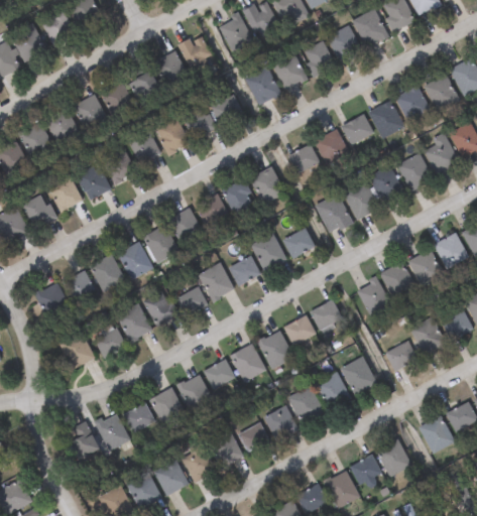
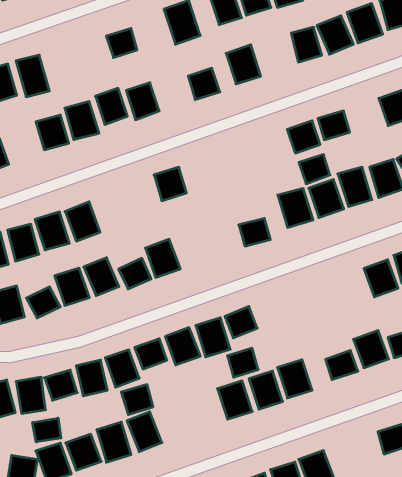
building: [155,50,186,85] -> none
building: [271,50,308,90] -> none
building: [101,80,135,118] -> none
building: [73,93,108,131] -> none
building: [368,100,404,137] -> none
building: [182,103,216,139] -> none
building: [287,143,319,173] -> [299,155,330,184]
building: [249,165,284,204] -> none
building: [46,173,83,212] -> none
building: [222,178,256,215] -> none
building: [167,207,204,247] -> none
building: [142,224,180,262] -> none
building: [251,233,286,271] -> none
building: [229,255,260,284] -> none
building: [380,261,415,299] -> none
building: [356,277,390,315] -> none
building: [311,298,342,329] -> [227,348,258,377]
building: [263,404,299,440] -> none
building: [419,414,454,453] -> none
building: [237,421,269,453] -> [121,385,153,415]
building: none -> [33,418,61,442]

